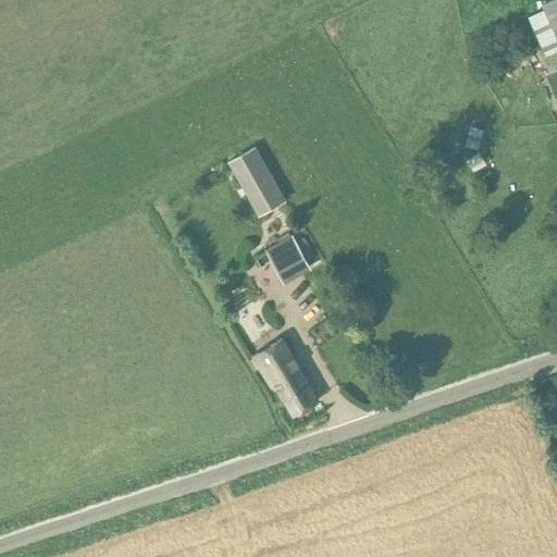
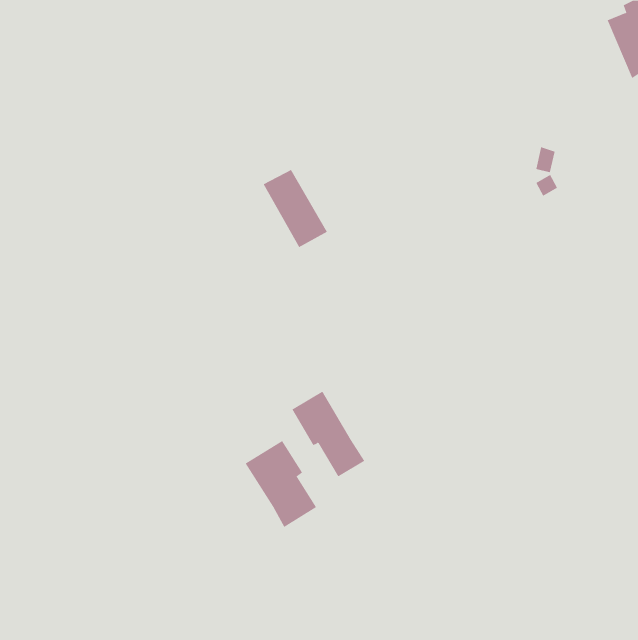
building: [268,234,310,282] -> none
building: none -> [245,440,317,528]

